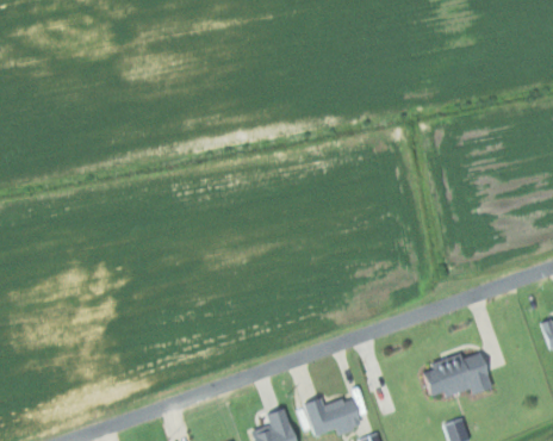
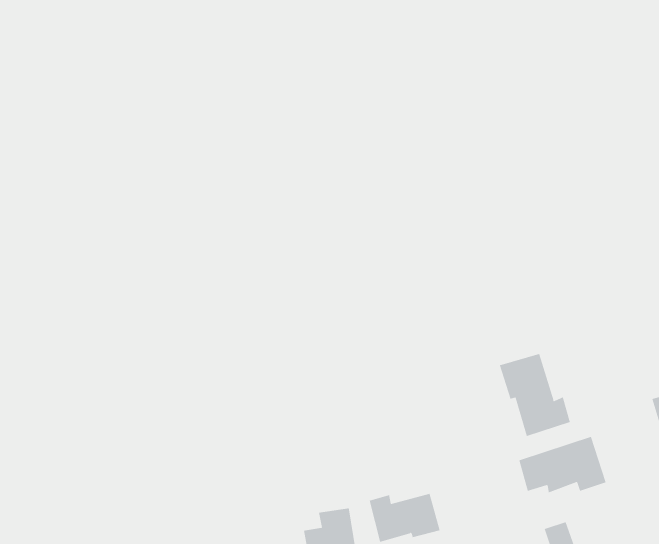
building: none -> [499,353,571,437]

